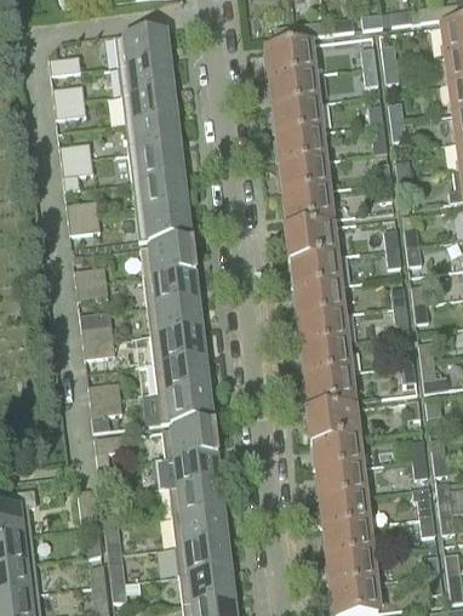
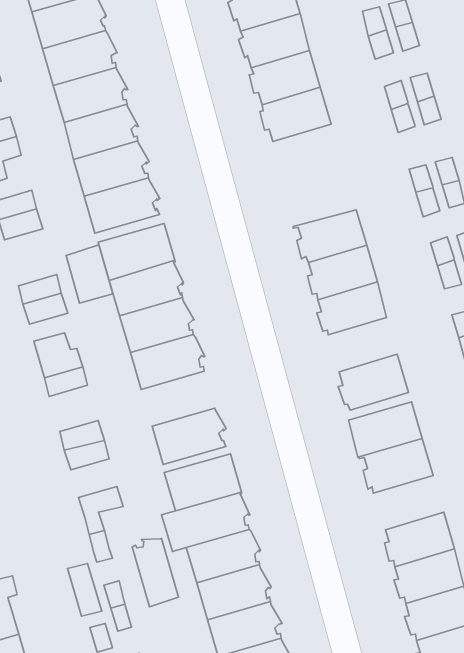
building: [282,189,335,226] -> none
building: [286,227,339,262] -> none
building: none -> [66,245,113,303]
building: [301,342,353,377] -> none
building: [155,360,211,395] -> none
building: [316,467,368,502] -> none
building: none -> [132,538,178,607]

